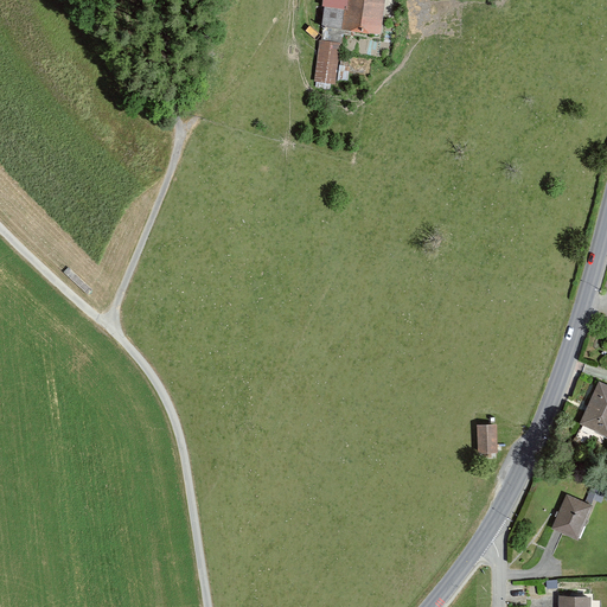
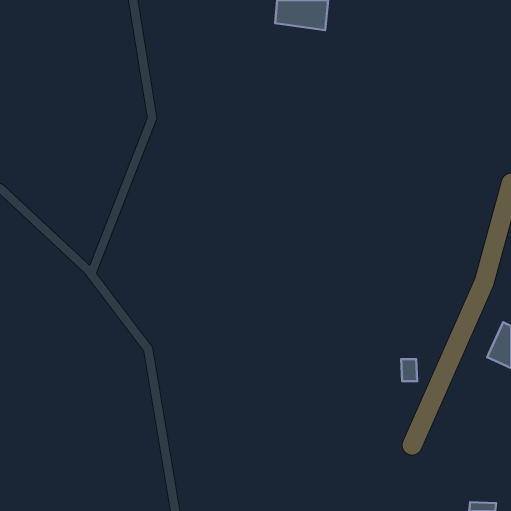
building: [318,30,346,87] -> none
building: [551,497,587,536] -> none

